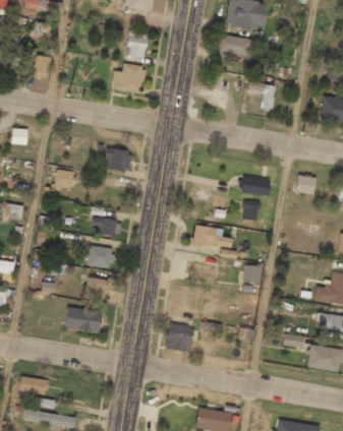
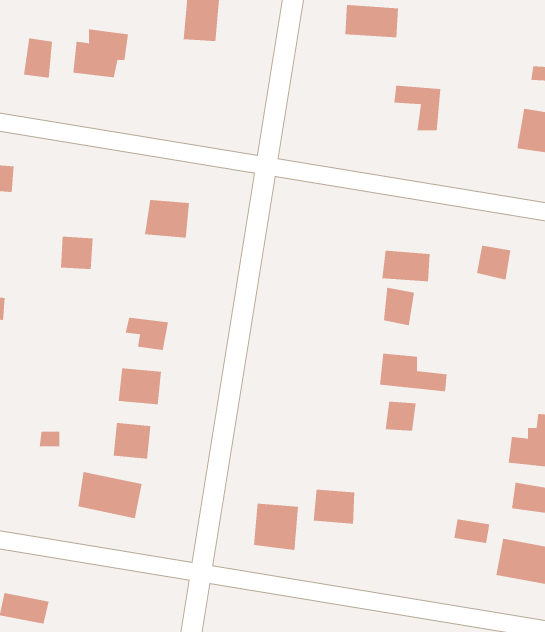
building: [113,64,146,93] -> [72,29,129,78]
building: [192,226,232,248] -> [379,353,448,392]
building: none -> [313,489,355,525]

